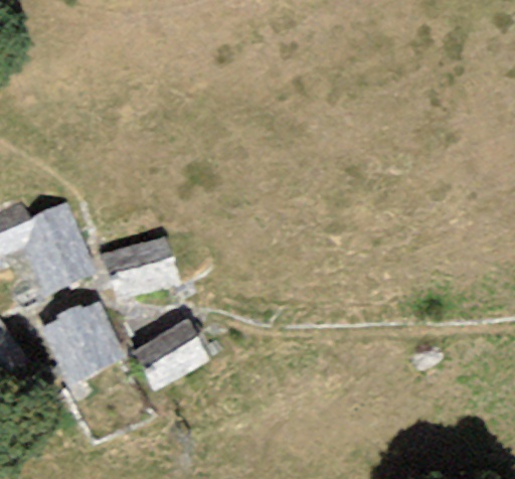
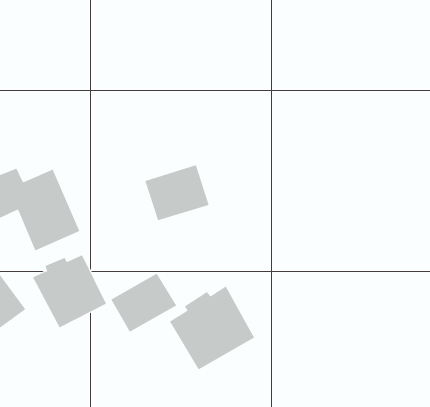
building: [101,235,176,301] -> [145,165,210,221]
building: none -> [169,286,255,370]

